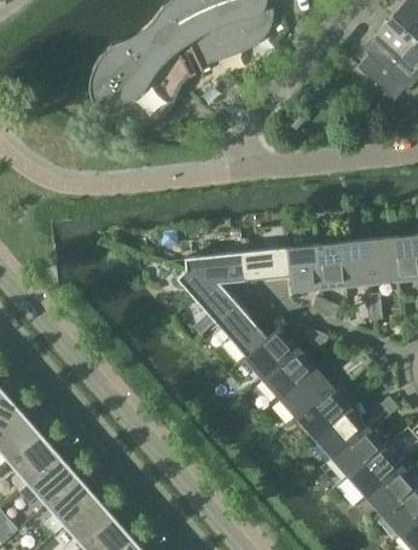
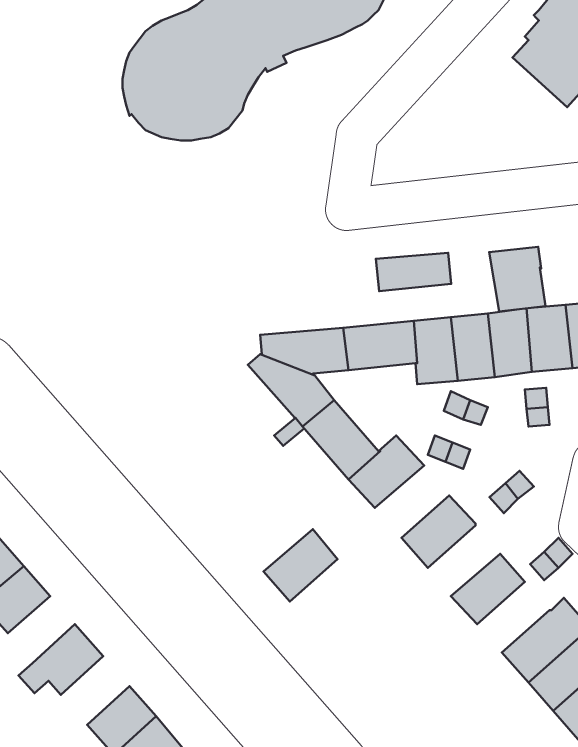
building: none -> [489,247,545,311]
building: none -> [376,253,451,291]
building: [263,347,314,396] -> [263,529,338,601]
building: [300,380,359,436] -> none
building: [333,427,383,475] -> none
building: [12,436,58,491] -> none
building: [45,477,95,534] -> none

